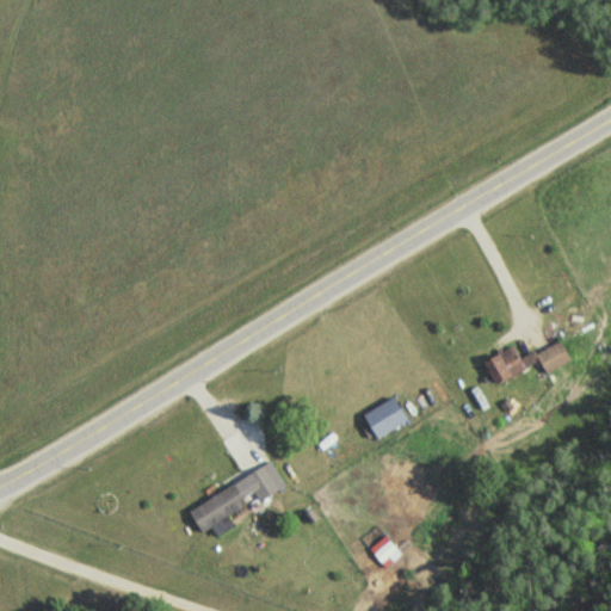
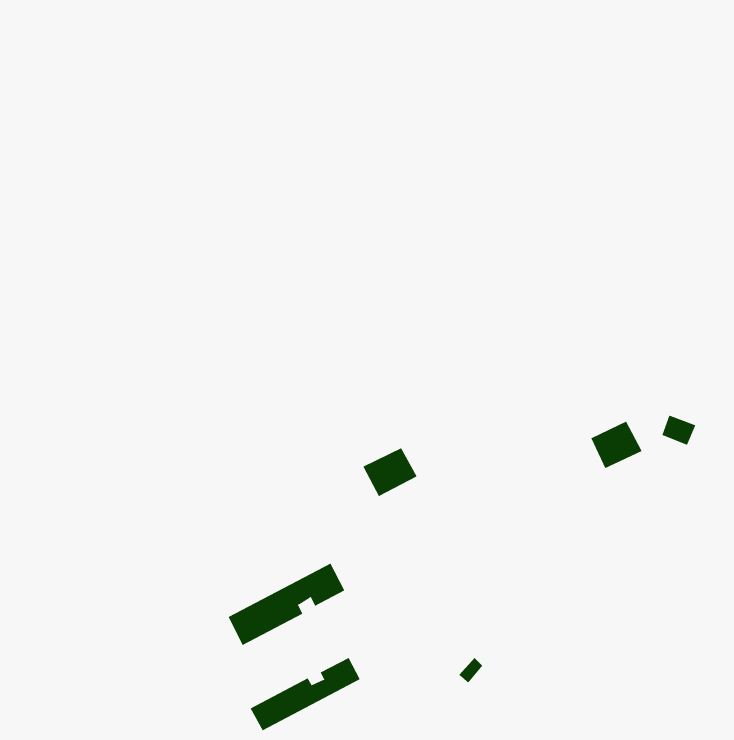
building: [364,397,409,438] -> [362,448,418,497]
building: none -> [250,657,361,731]

